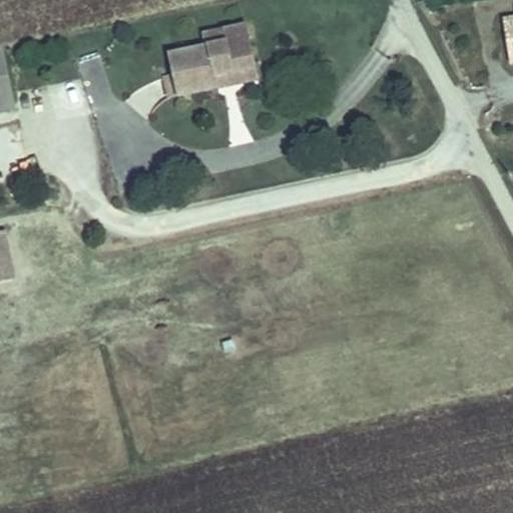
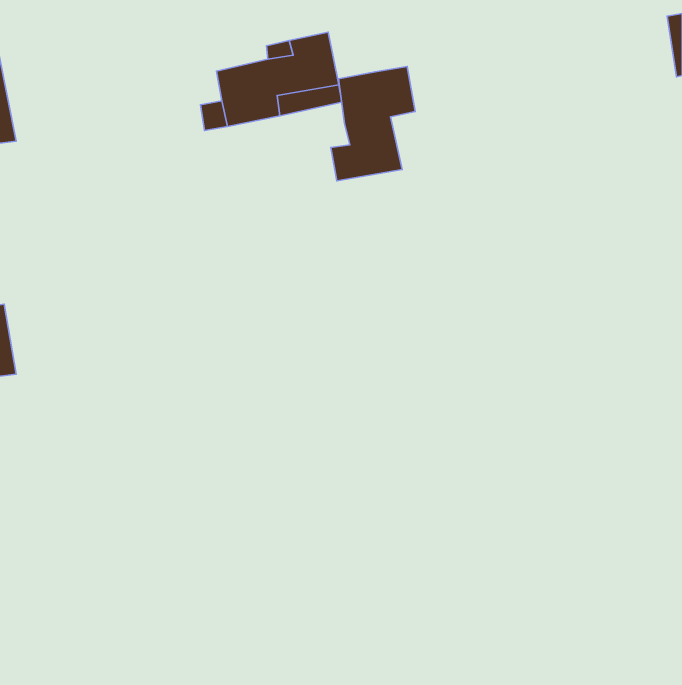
building: none -> [331,66,415,181]

